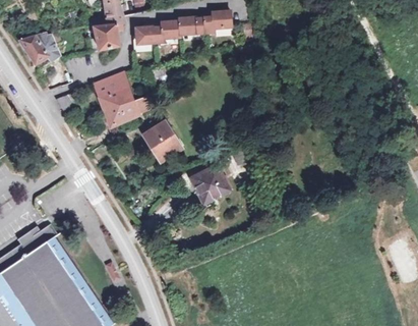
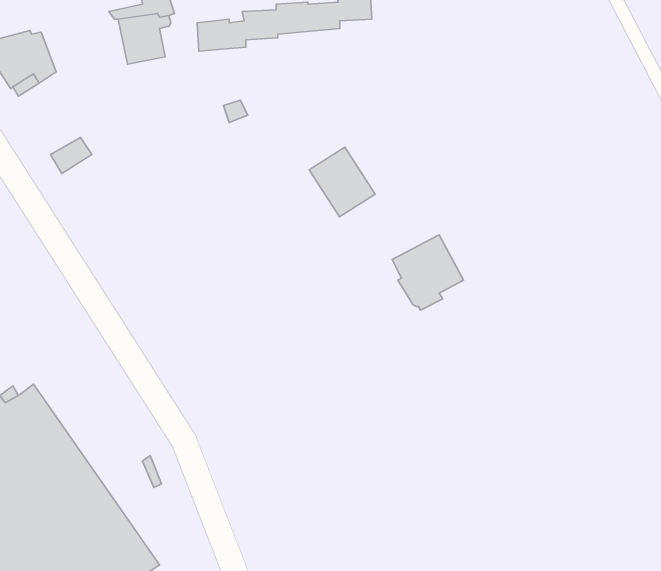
building: [92,75,147,126] -> none
building: [144,121,180,159] -> [309,147,375,217]
building: [190,164,229,205] -> [392,235,464,310]

